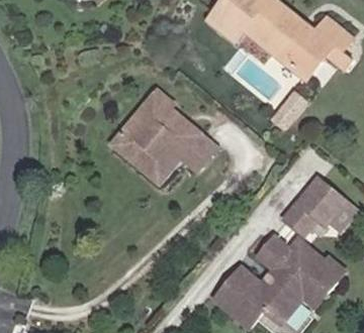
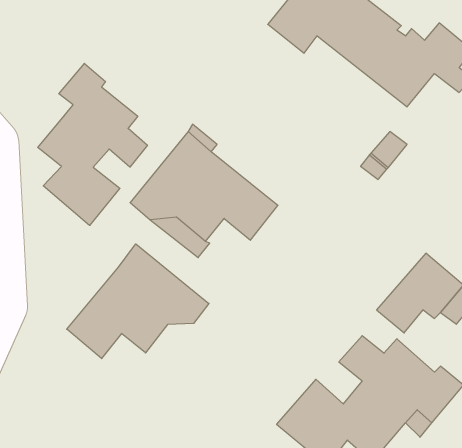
building: none -> [38,63,147,225]
building: none -> [67,244,209,359]

